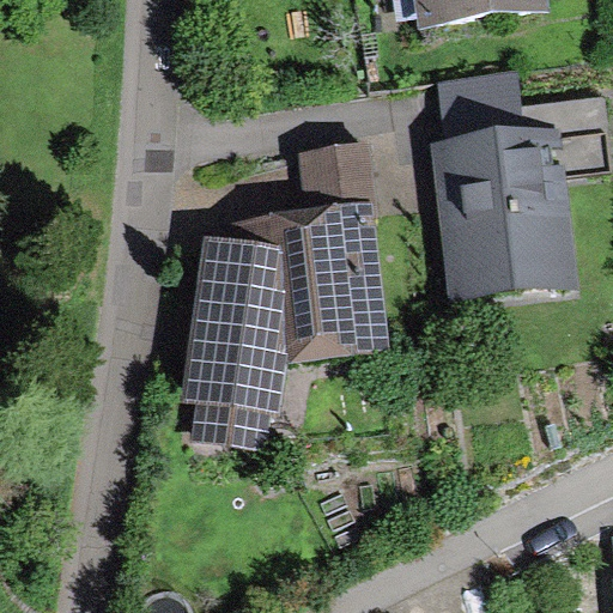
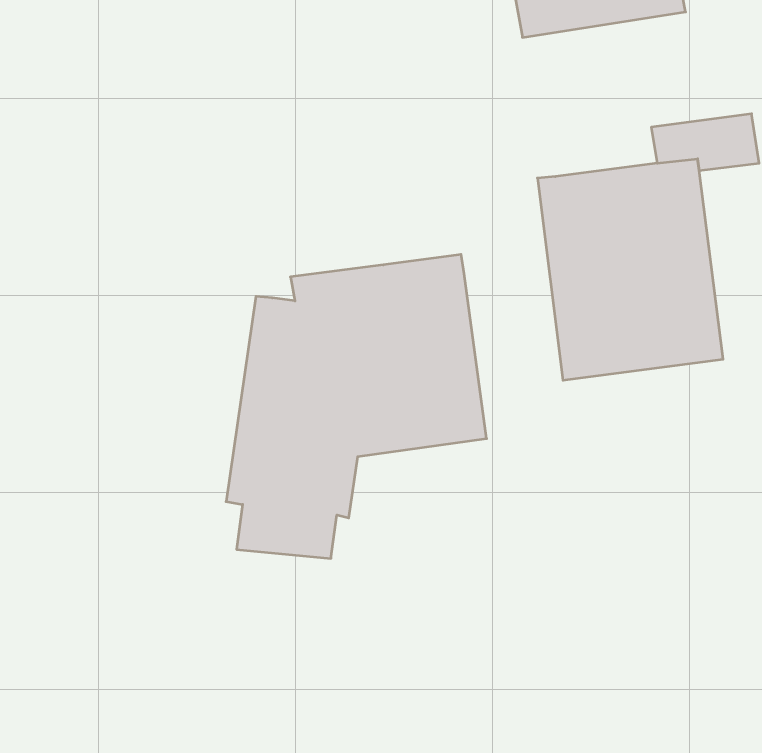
building: [436,68,526,141] -> none
building: [298,141,378,219] -> none

